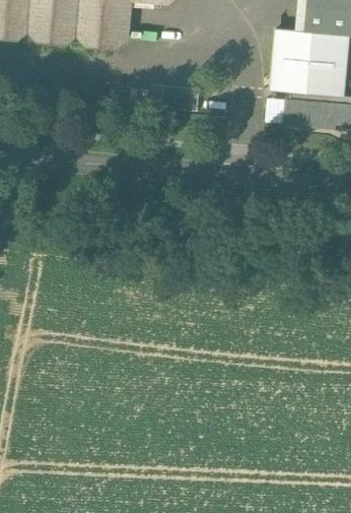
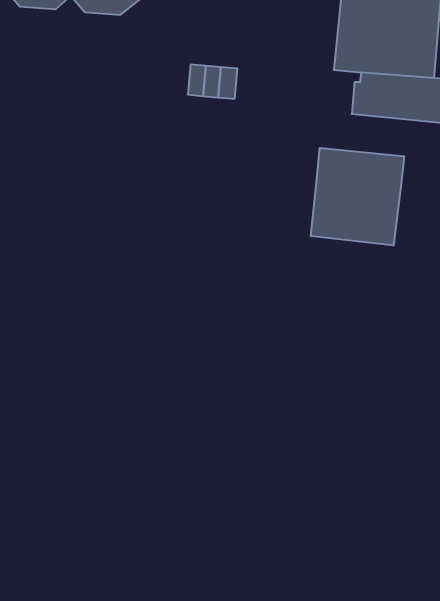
building: none -> [311,148,404,246]

